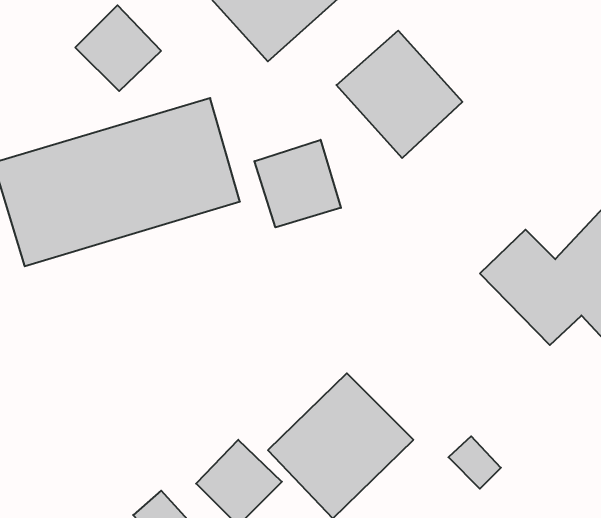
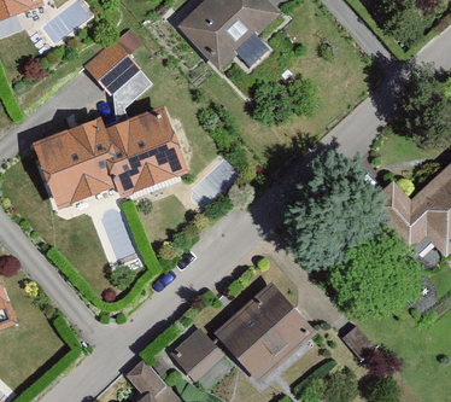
building: [336,31,462,158] -> none
building: [254,140,341,227] -> none

